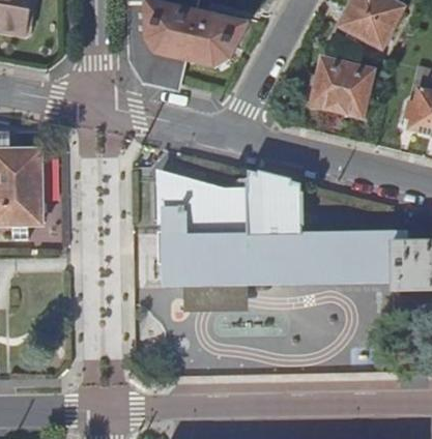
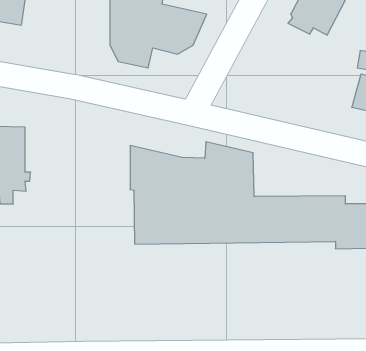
building: [312,61,373,117] -> none

